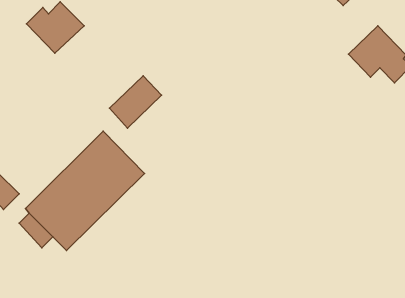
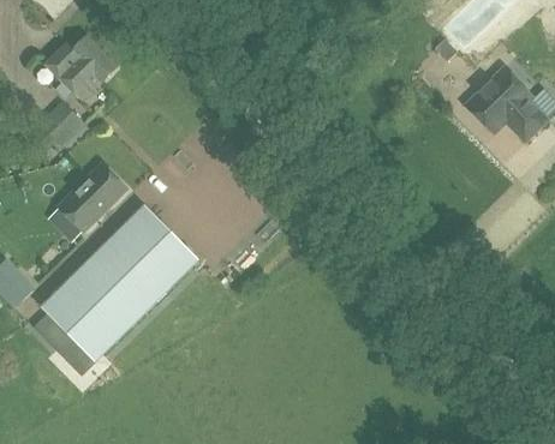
building: none -> [36,103,84,151]
building: [109,76,162,128] -> [59,163,127,232]

